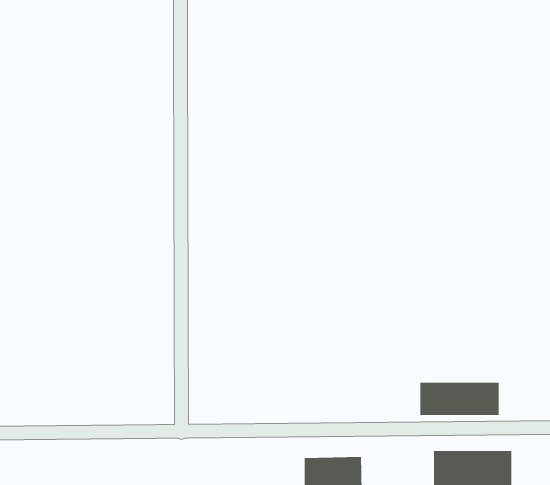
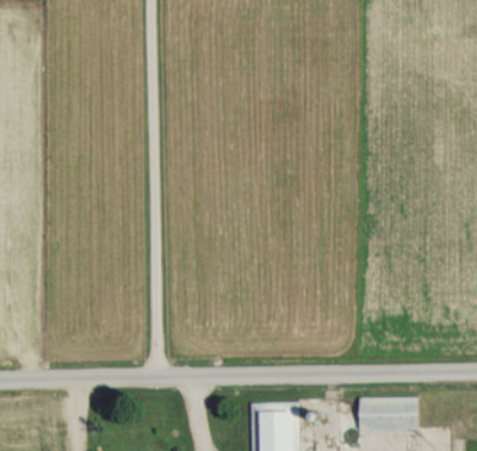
building: [420,382,499,416] -> none

